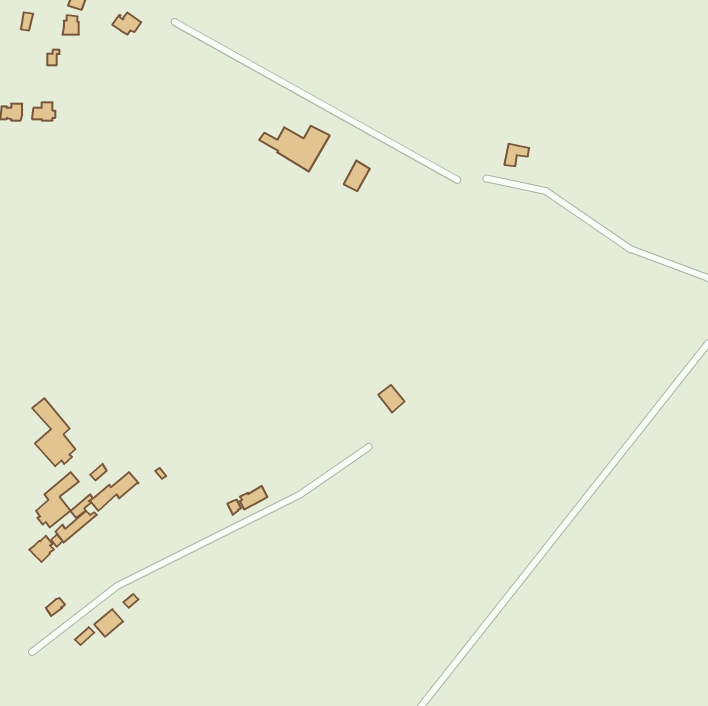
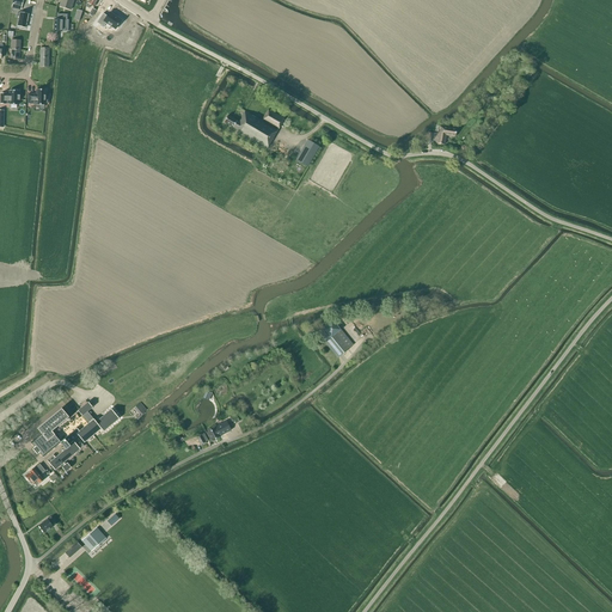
building: [32,398,75,466] -> none

